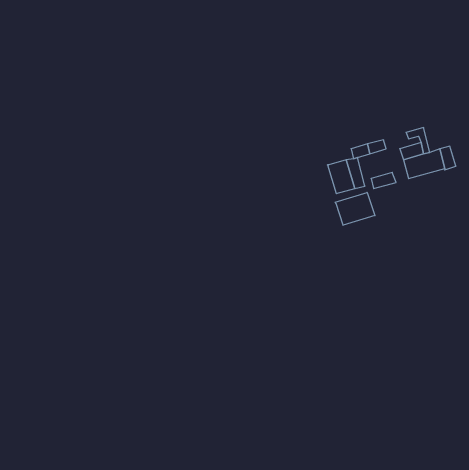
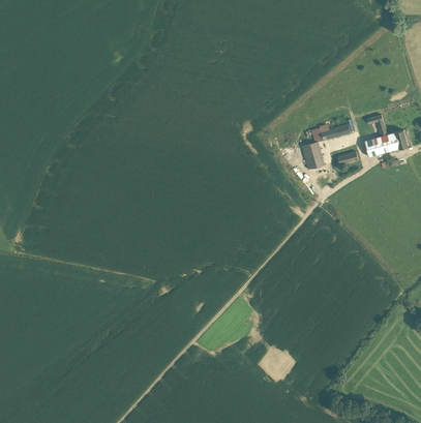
building: [335,192,375,225] -> none

